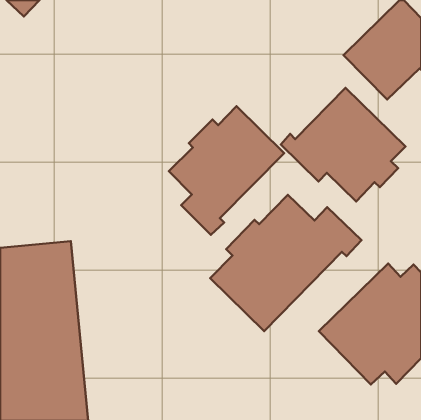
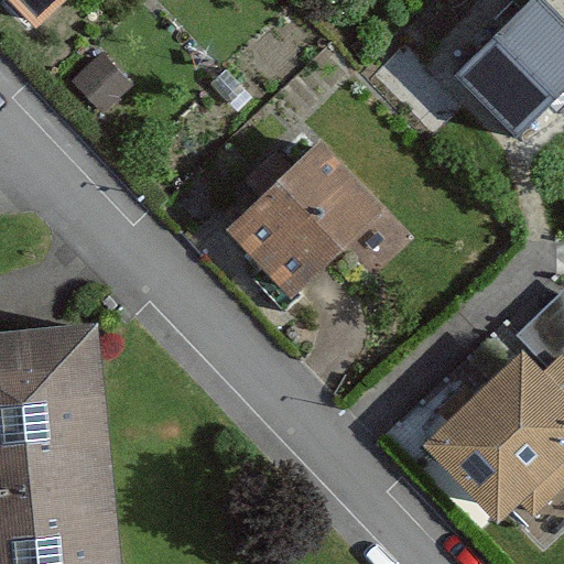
building: [281,88,405,201] -> none
building: [210,195,361,331] -> none

